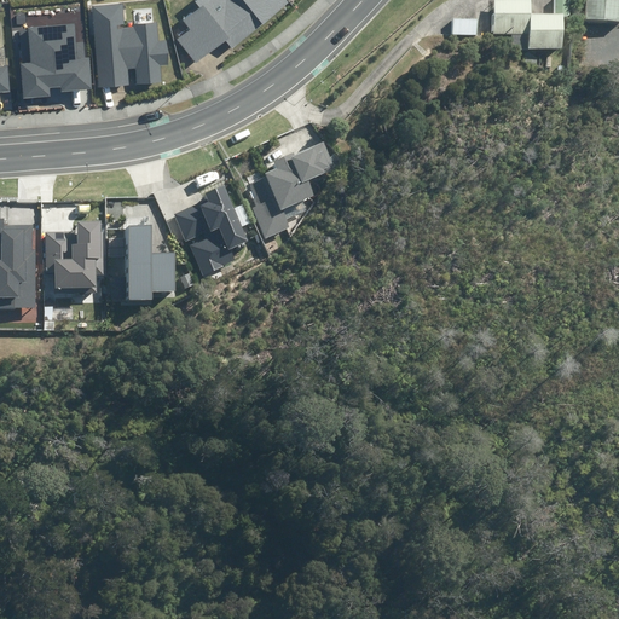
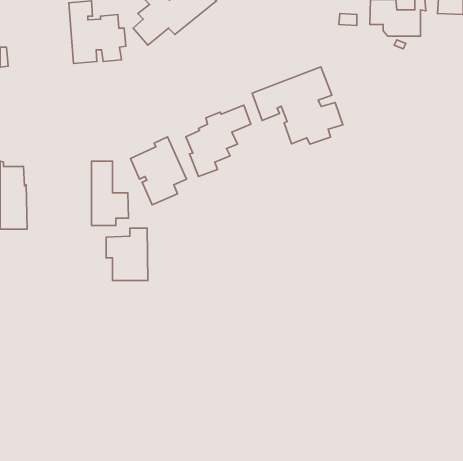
building: [21,22,92,97] -> none
building: none -> [252,67,343,144]
building: [46,220,102,290] -> [106,228,148,281]

